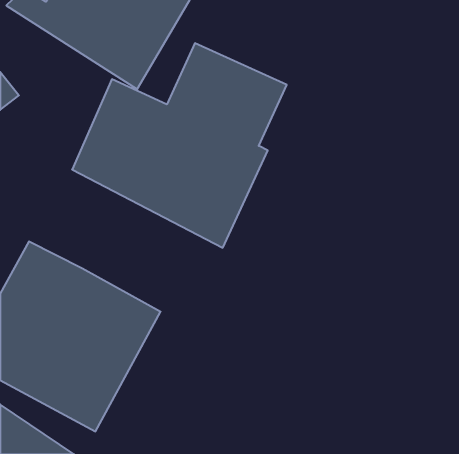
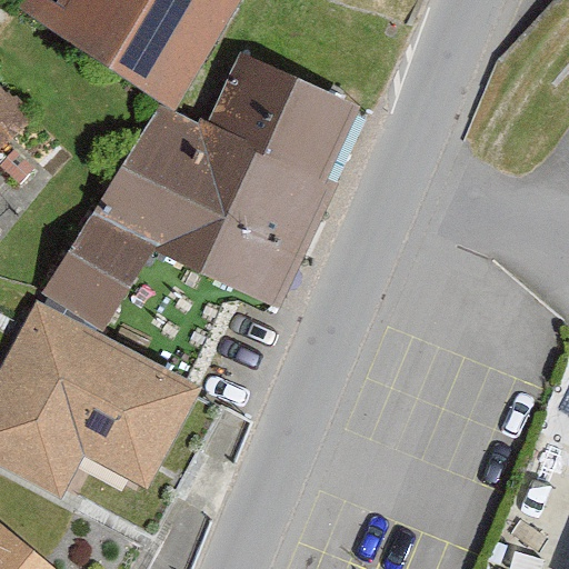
building: none -> [38,210,148,331]

